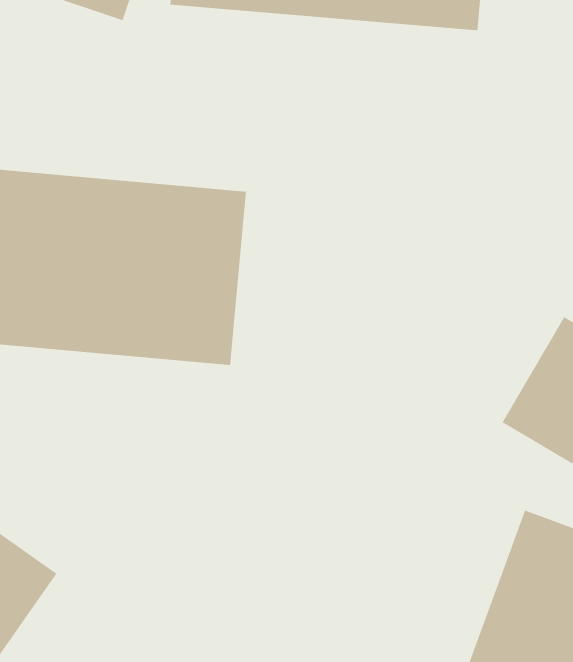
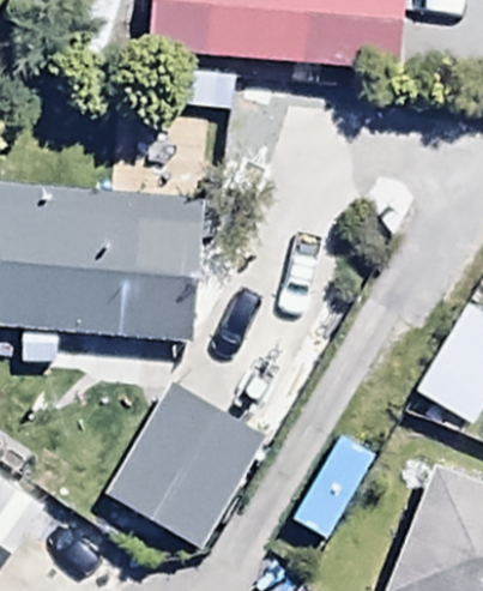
building: none -> [105,382,267,549]

